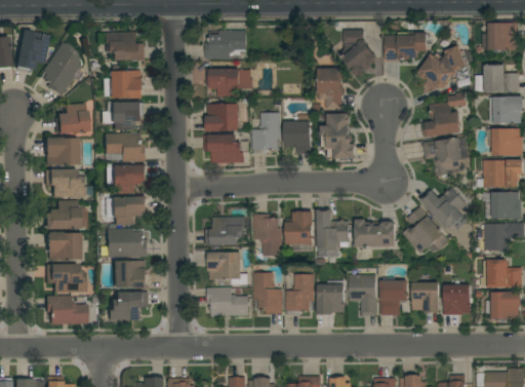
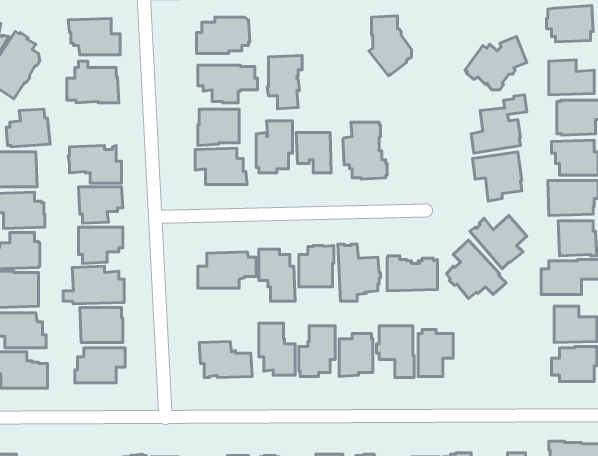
building: [383,33,427,62] -> none
building: [317,68,345,110] -> [267,56,302,109]
building: [99,102,144,130] -> none
building: [208,253,246,285] -> none
building: [412,283,439,313] -> none
building: [443,285,470,315] -> none

